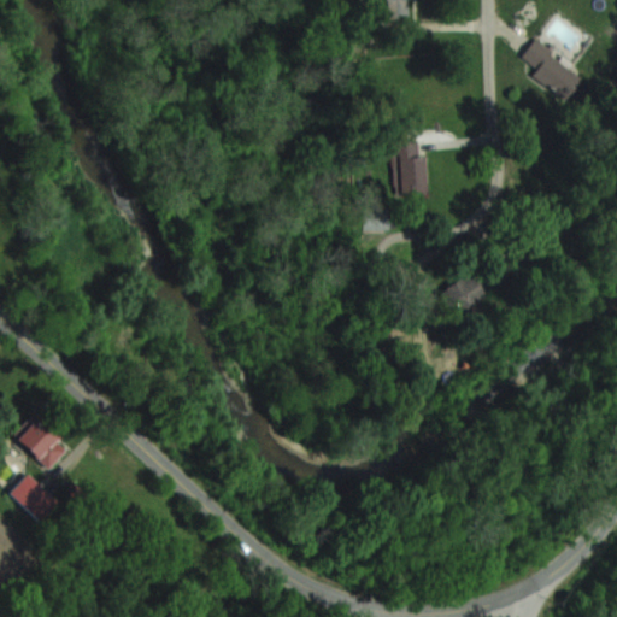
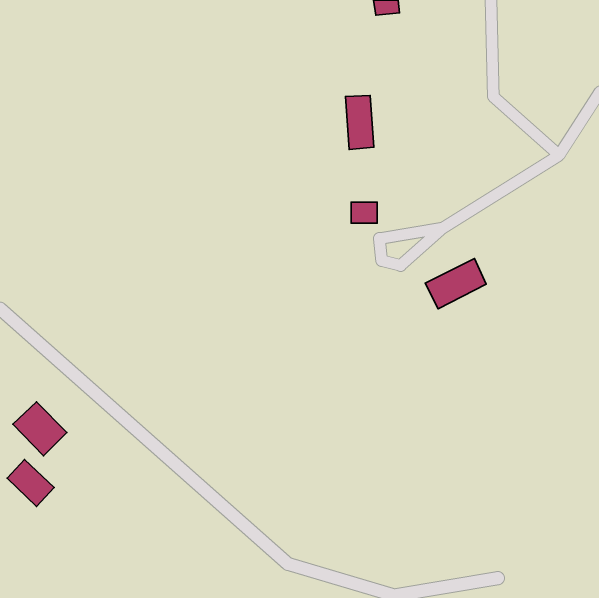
building: [521,40,583,100] -> none
building: [396,141,425,196] -> [346,95,374,149]

